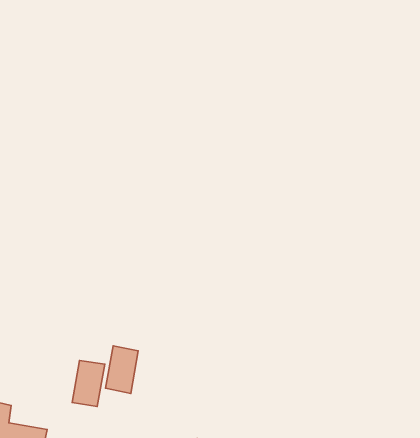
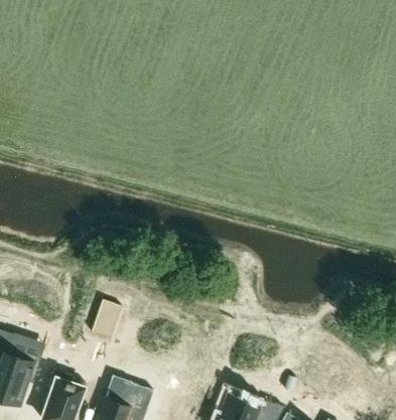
building: [72,360,105,406] -> none

